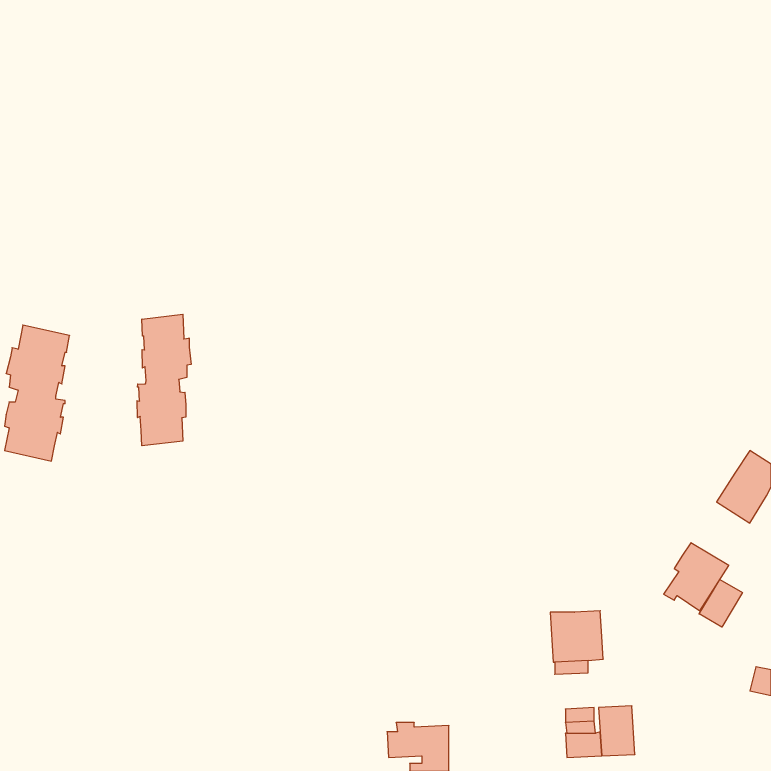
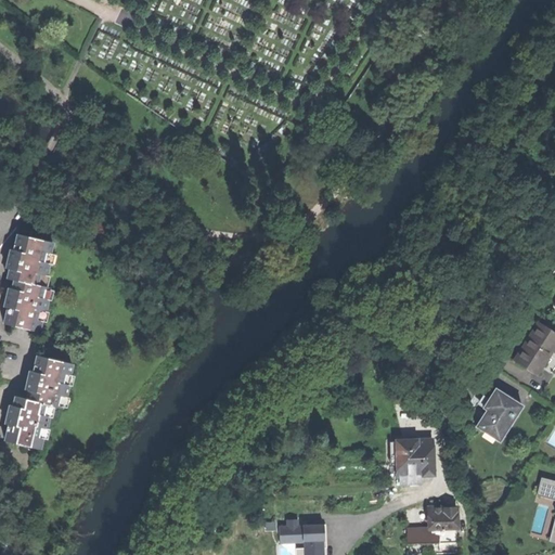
building: [137,314,191,446] -> none
building: none -> [4,356,70,451]
building: [699,579,742,627] -> none

